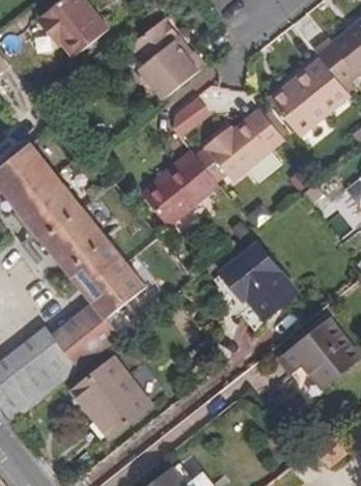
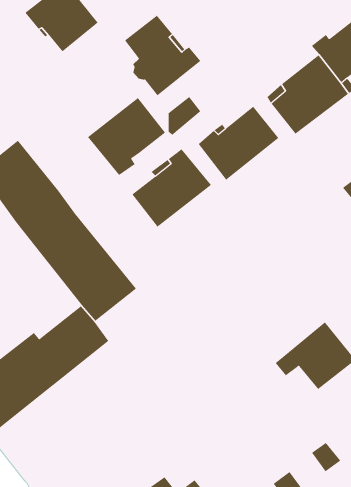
building: none -> [87,97,166,176]
building: [212,244,294,317] -> none
building: [74,358,148,434] -> none

